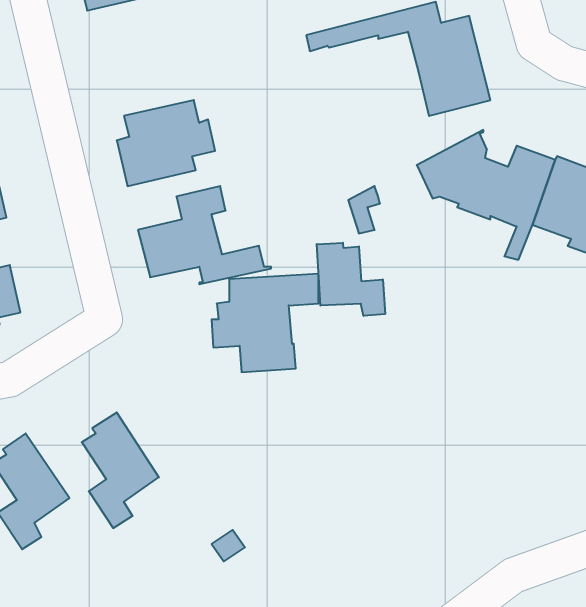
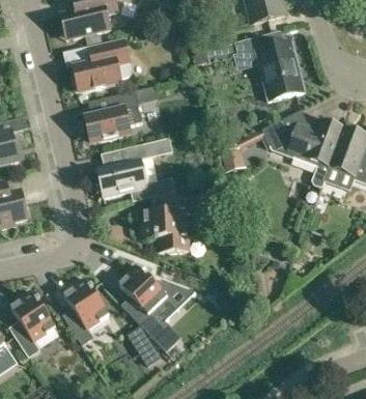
building: none -> [73,37,132,92]
building: [317,243,385,316] -> none
building: none -> [119,263,178,352]

